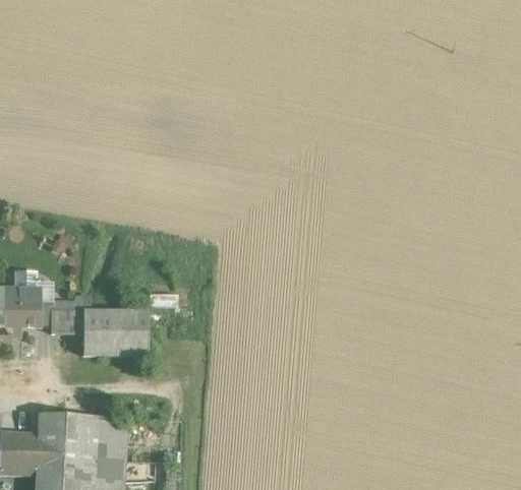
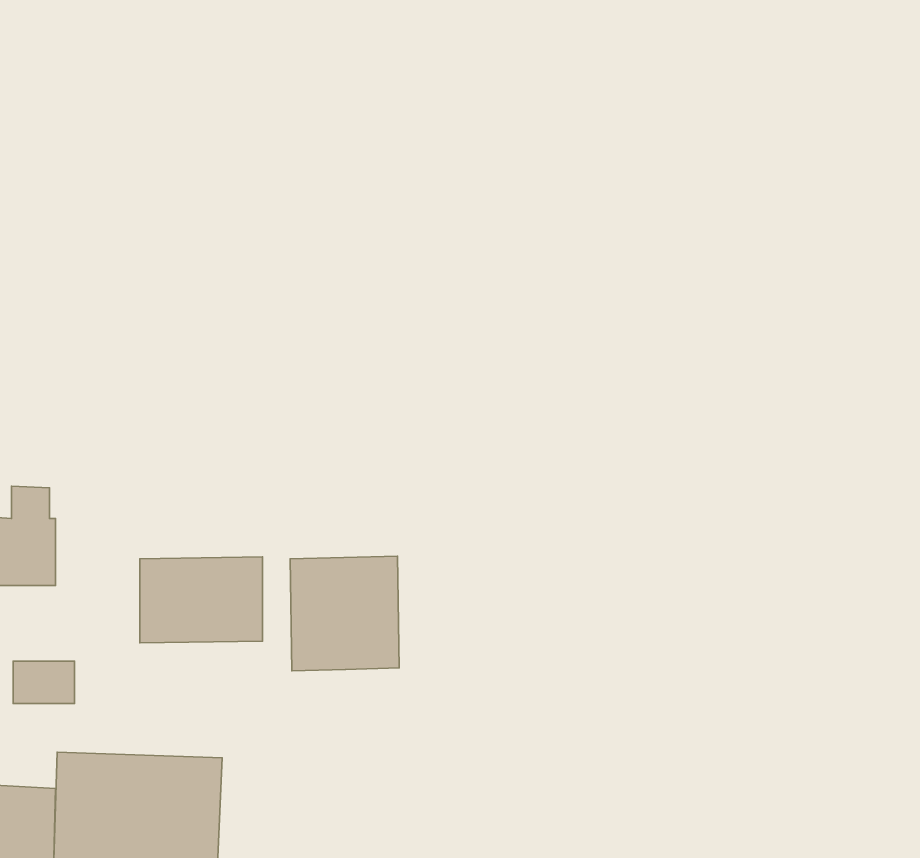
building: none -> [290,556,399,671]
building: [51,310,83,332] -> [13,661,75,703]

